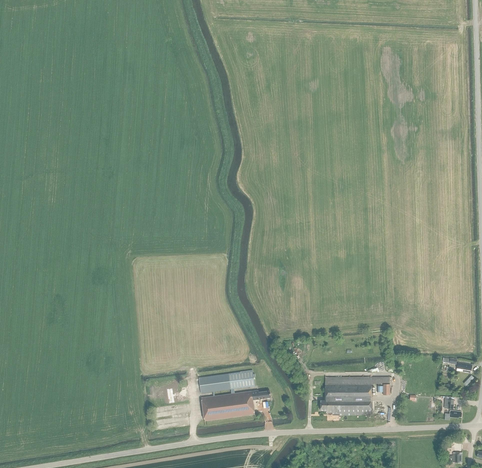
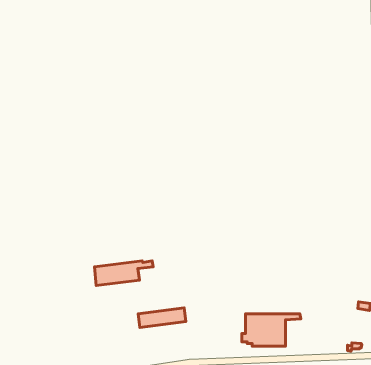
building: [201,390,270,419] -> [94,261,153,285]

